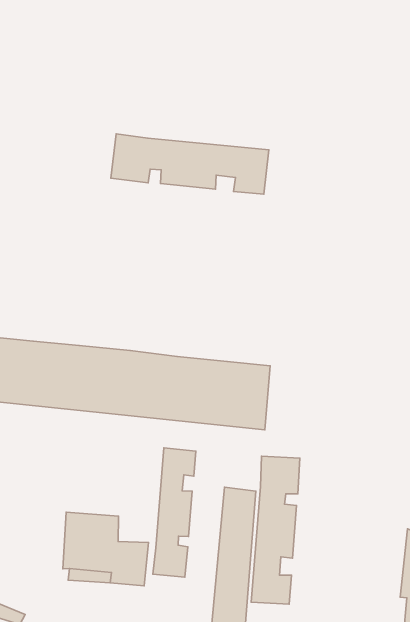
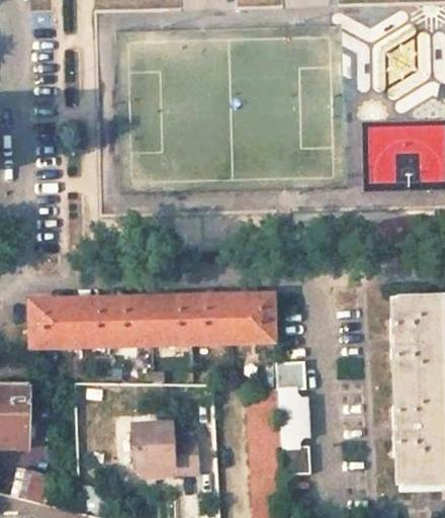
building: [111,134,269,194] -> none
building: [153,448,196,577] -> none

